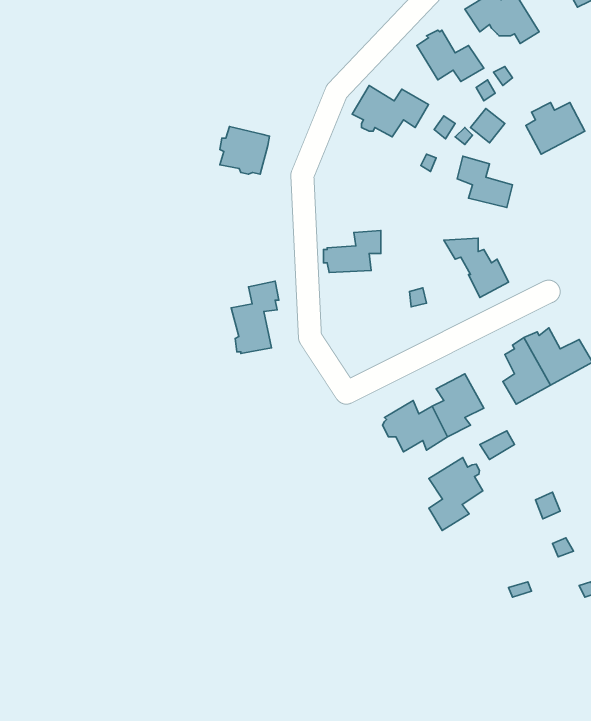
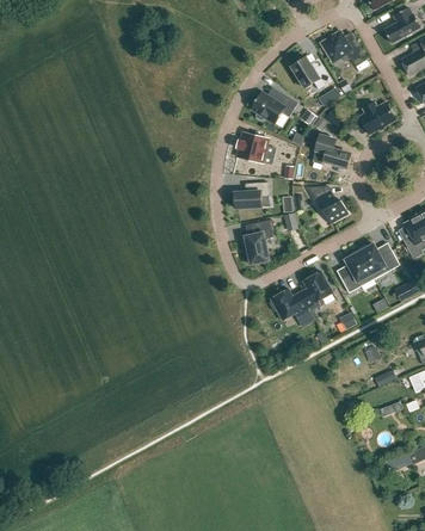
building: [220,127,270,174] -> [236,132,267,162]
building: [231,281,279,354] -> [244,218,273,264]
building: [429,457,483,530] -> none

